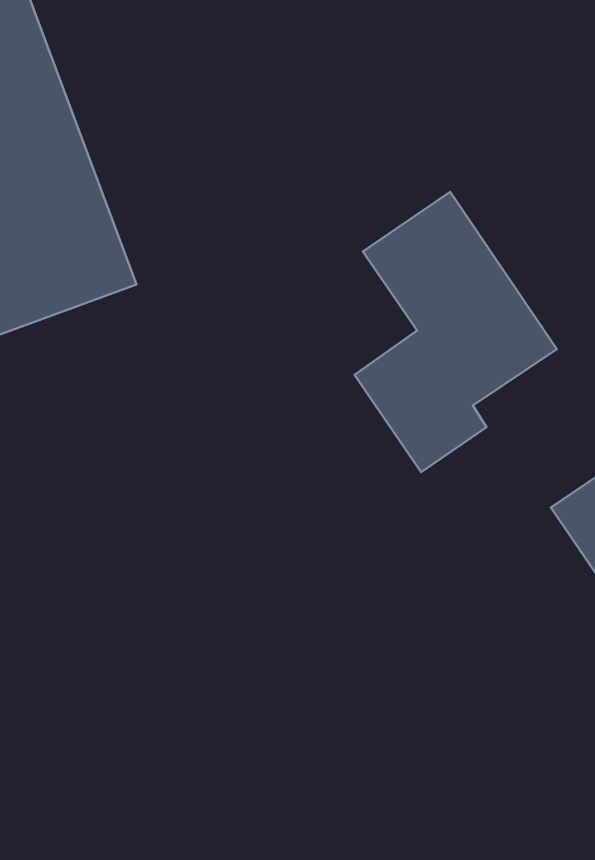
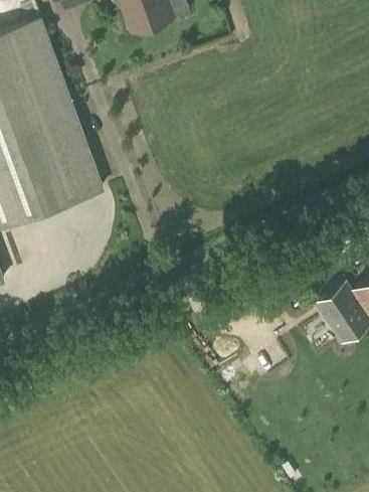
building: [355,192,557,472] -> none

